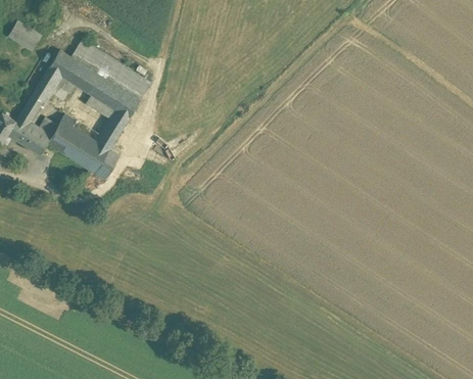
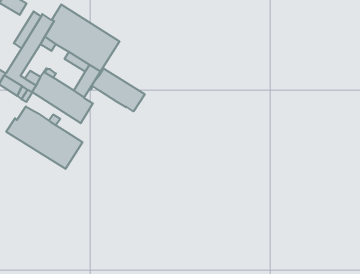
building: none -> [90,68,145,111]
building: none -> [6,106,82,169]

